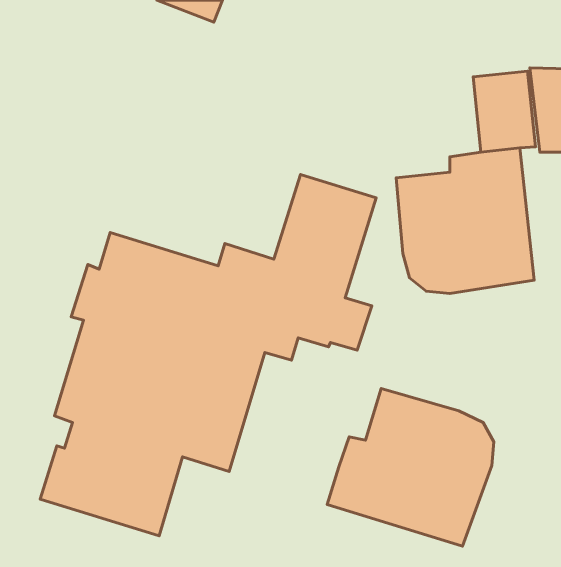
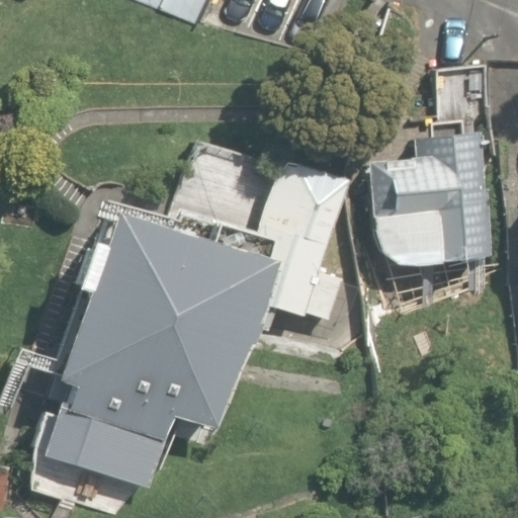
building: [327,389,494,546] -> none

